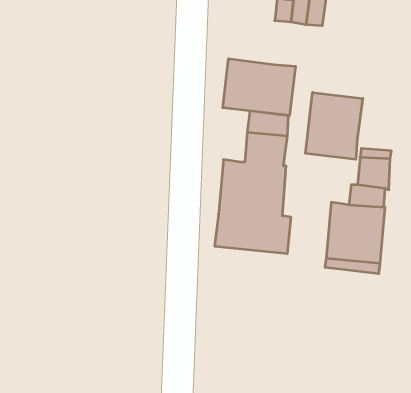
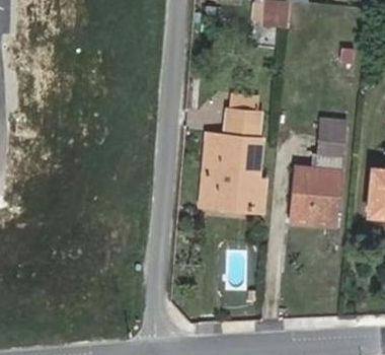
building: [223,59,295,115] -> none
building: [306,92,363,159] -> none

